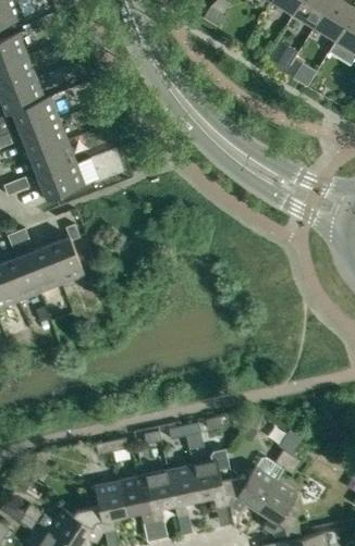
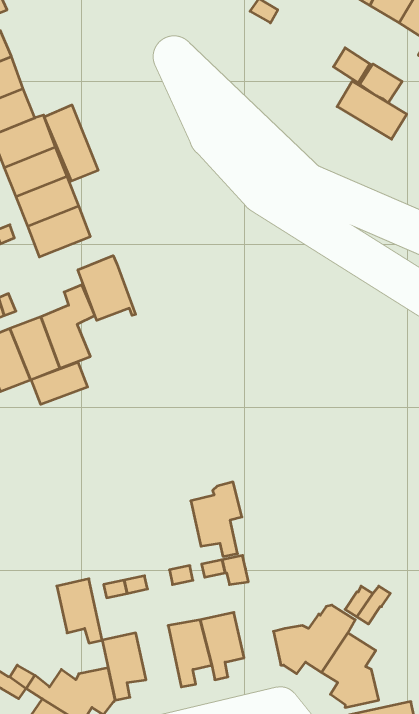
building: none -> [337,81,407,139]
building: none -> [44,105,98,181]
building: none -> [78,256,136,320]
building: none -> [31,362,88,404]
building: [191,451,229,507] -> [191,482,242,556]
building: [118,475,151,523] -> [57,579,102,643]

